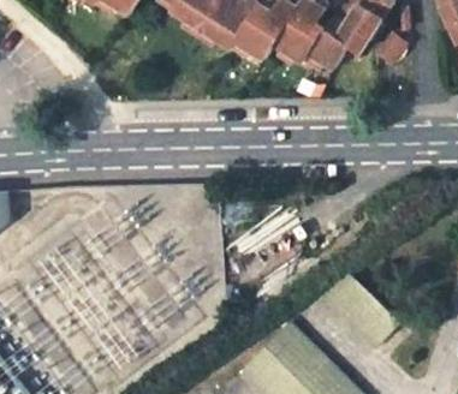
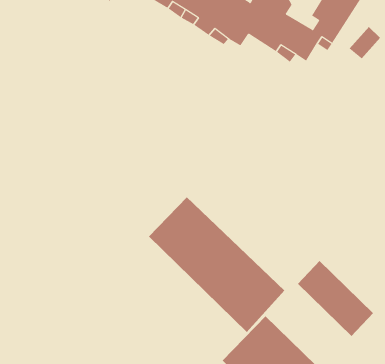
building: none -> [148,197,285,333]

